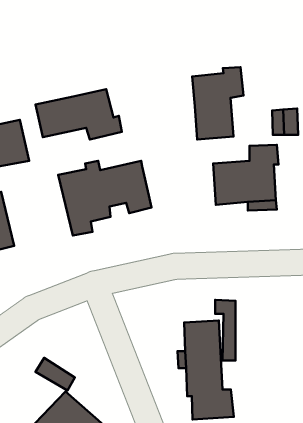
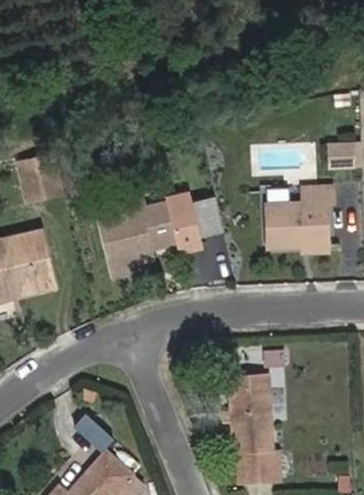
building: [192,67,244,140] -> none
building: [35,89,122,139] -> none
building: none -> [188,199,219,236]

